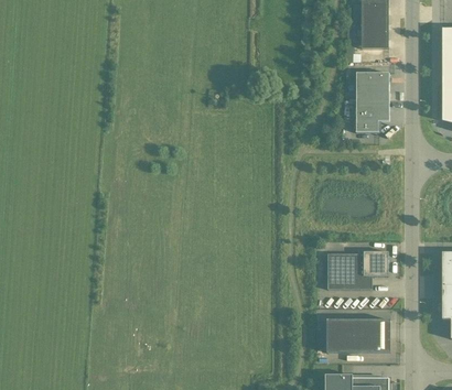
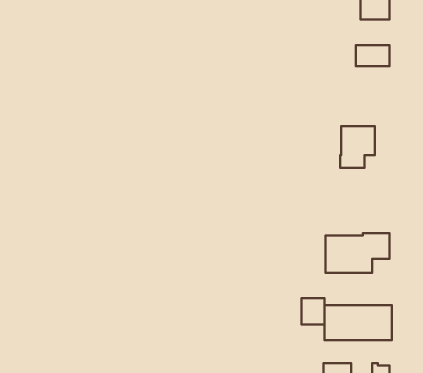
building: [355,93,388,132] -> [340,126,375,168]
building: none -> [302,298,324,324]

